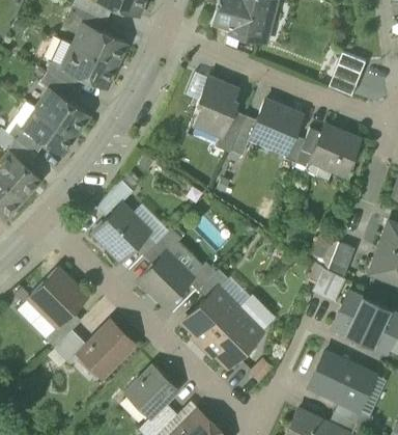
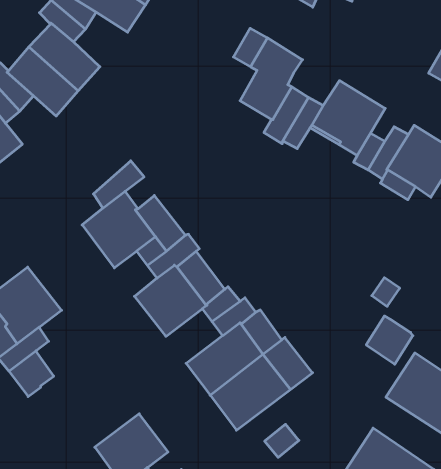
building: [328,242,354,277] -> none
building: [79,322,133,376] -> none

